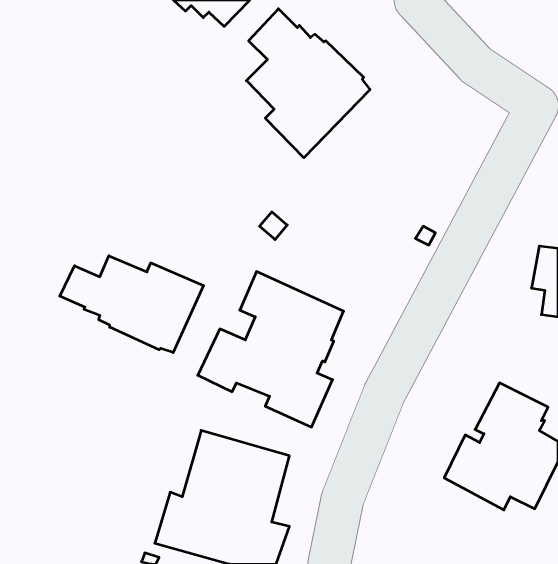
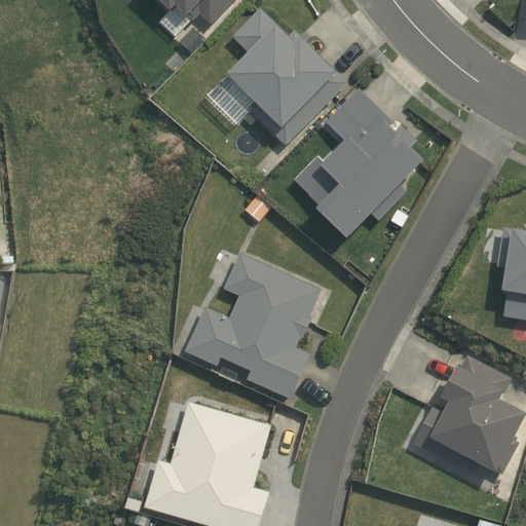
building: none -> [320,89,424,238]
building: [60,256,204,353] -> none

